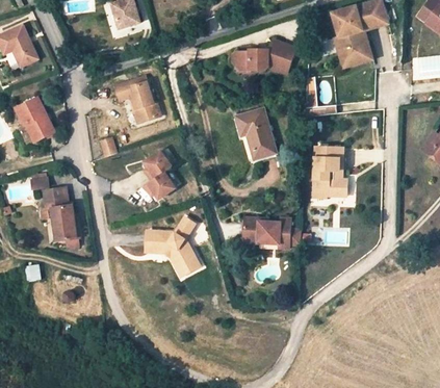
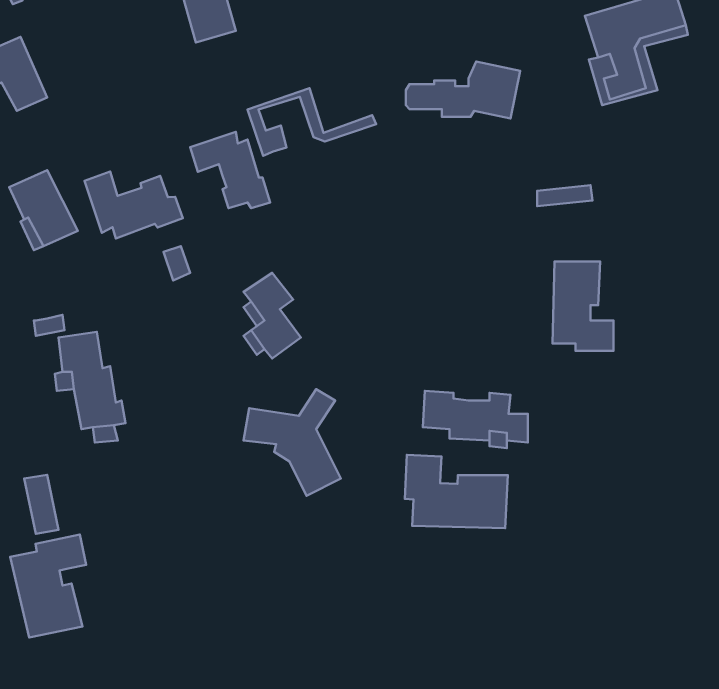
building: none -> [248,88,376,156]
building: none -> [84,172,183,238]
building: [236,108,276,157] -> none
building: none -> [405,455,508,528]
building: none -> [10,535,86,638]

